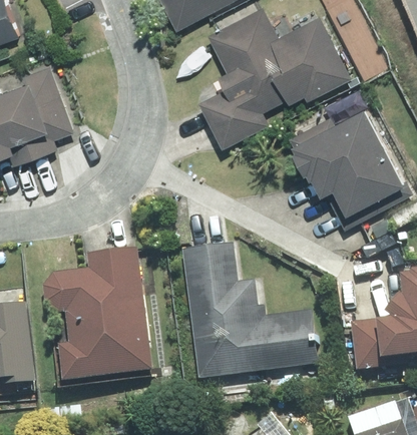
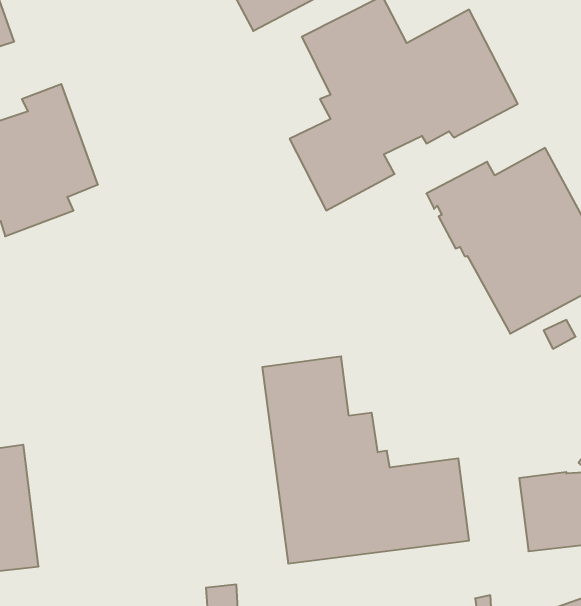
building: [42,248,151,383] -> none

